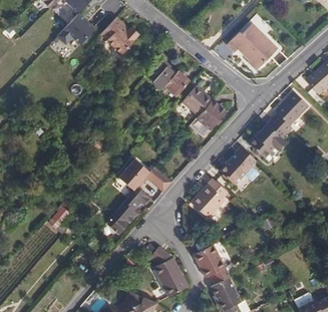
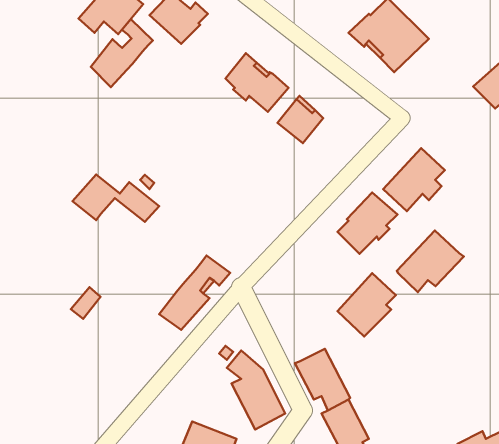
building: none -> [91,19,153,87]
building: [273,91,309,132] -> none
building: [196,99,225,128] -> none
building: [118,162,174,192] -> [72,174,159,222]
building: none -> [397,231,464,292]
building: [191,179,228,219] -> [337,273,396,336]

